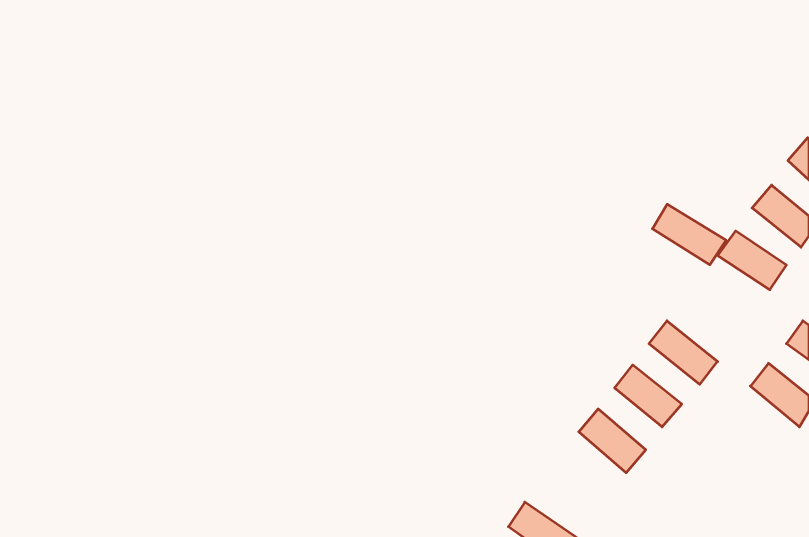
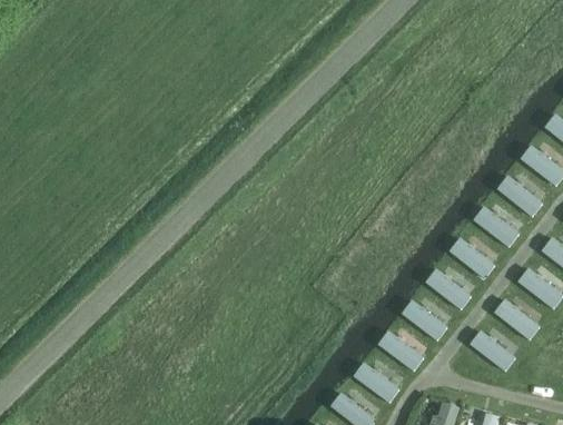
building: [652,204,726,265] -> [472,207,522,248]
building: none -> [493,298,539,337]
building: none -> [470,329,515,370]
building: none -> [376,332,425,372]

